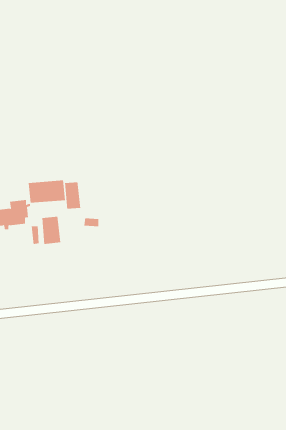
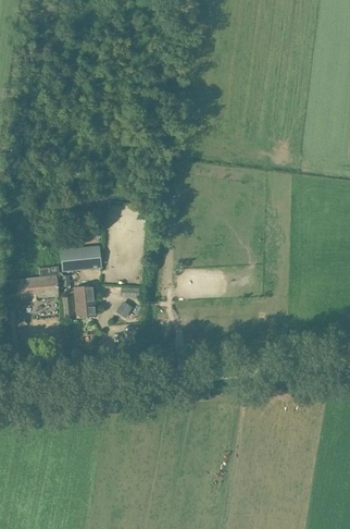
building: [64,181,81,210] -> none

